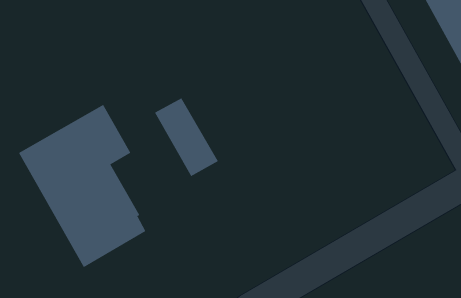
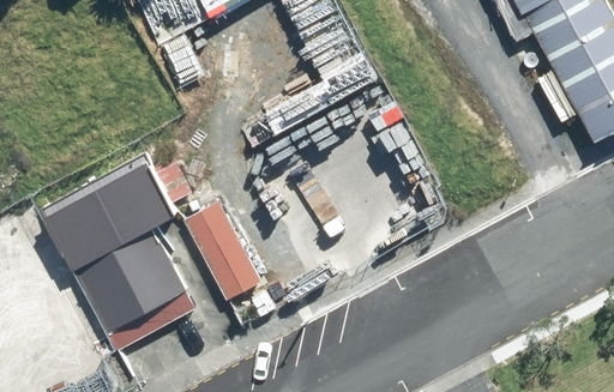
building: [154,97,219,177] -> [186,206,264,302]

